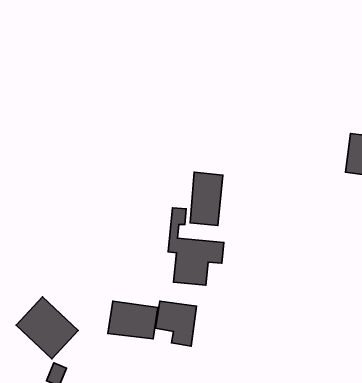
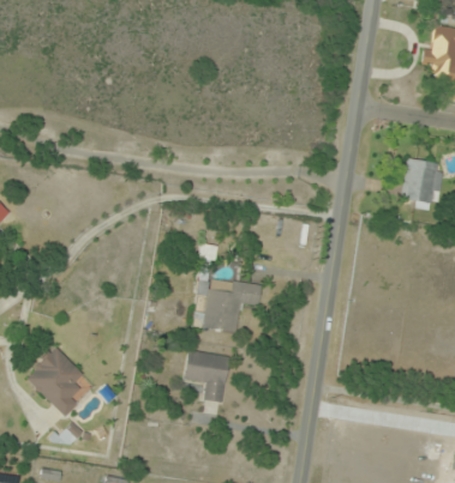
building: [190,172,223,226] -> none
building: [108,301,158,339] -> none

